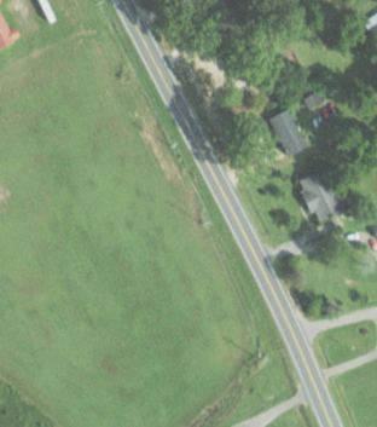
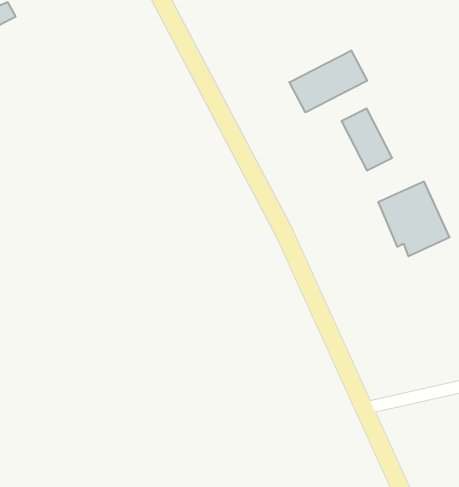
building: none -> [289,50,367,112]

